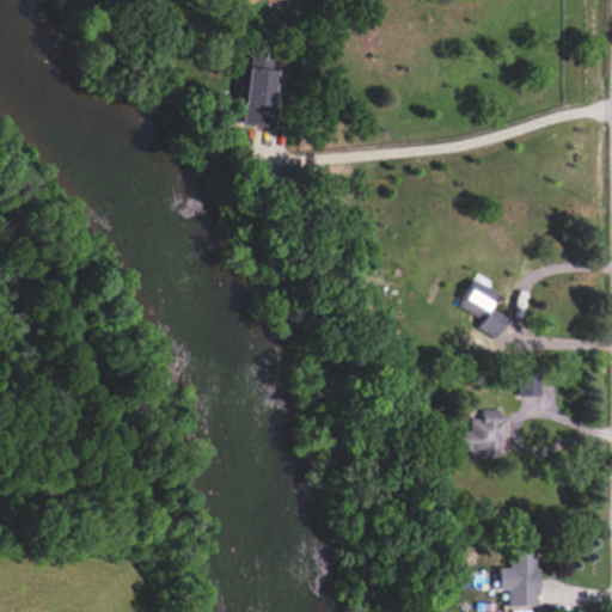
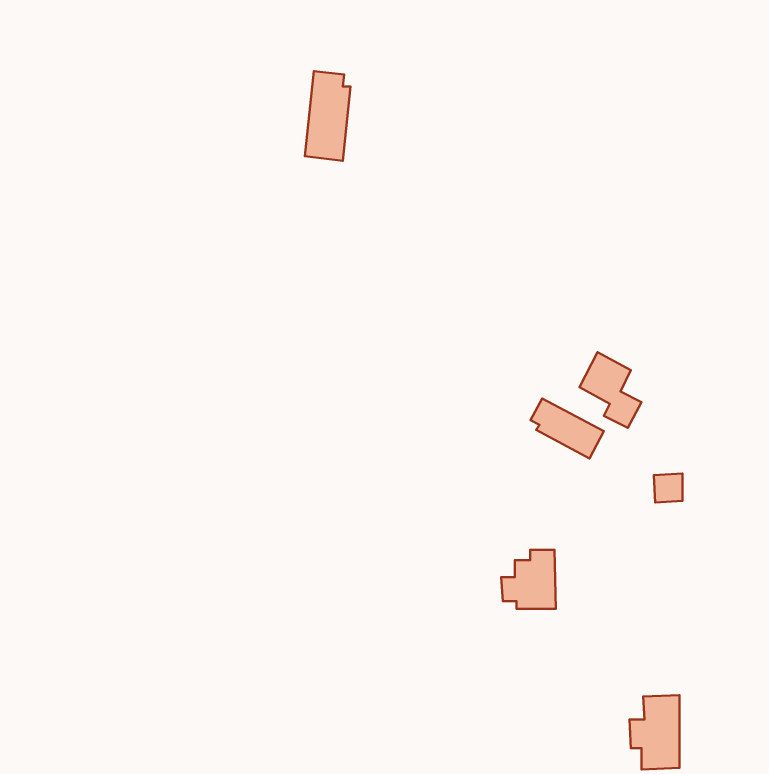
building: none -> [531,399,604,459]
building: [463,410,506,457] -> [501,550,556,609]

